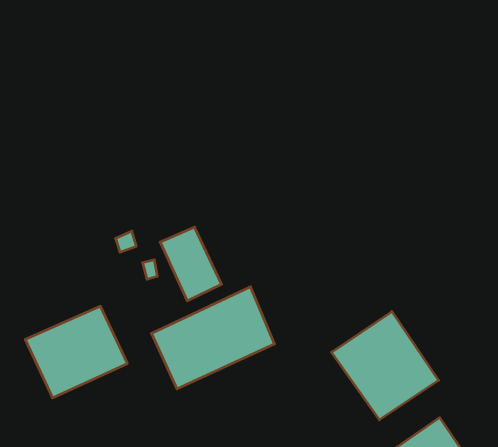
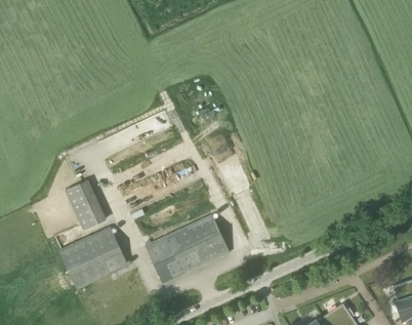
building: [160,227,222,301] -> [64,179,106,230]
building: [332,311,439,420] -> none

